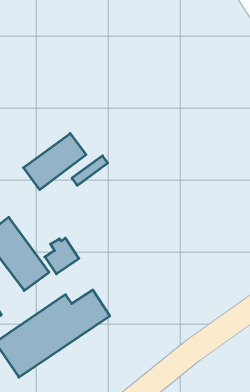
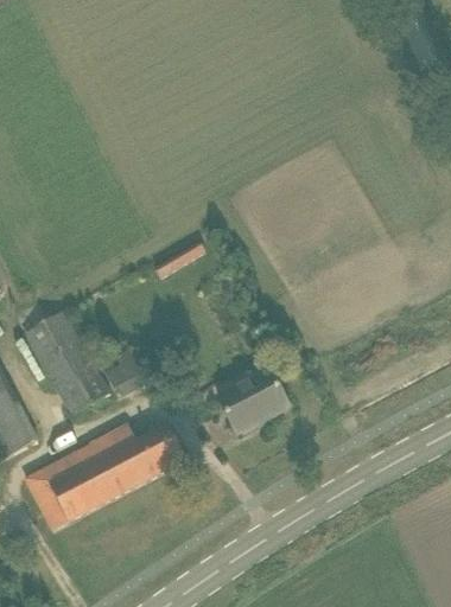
building: [23,133,86,190] -> none
building: none -> [216,370,287,434]

